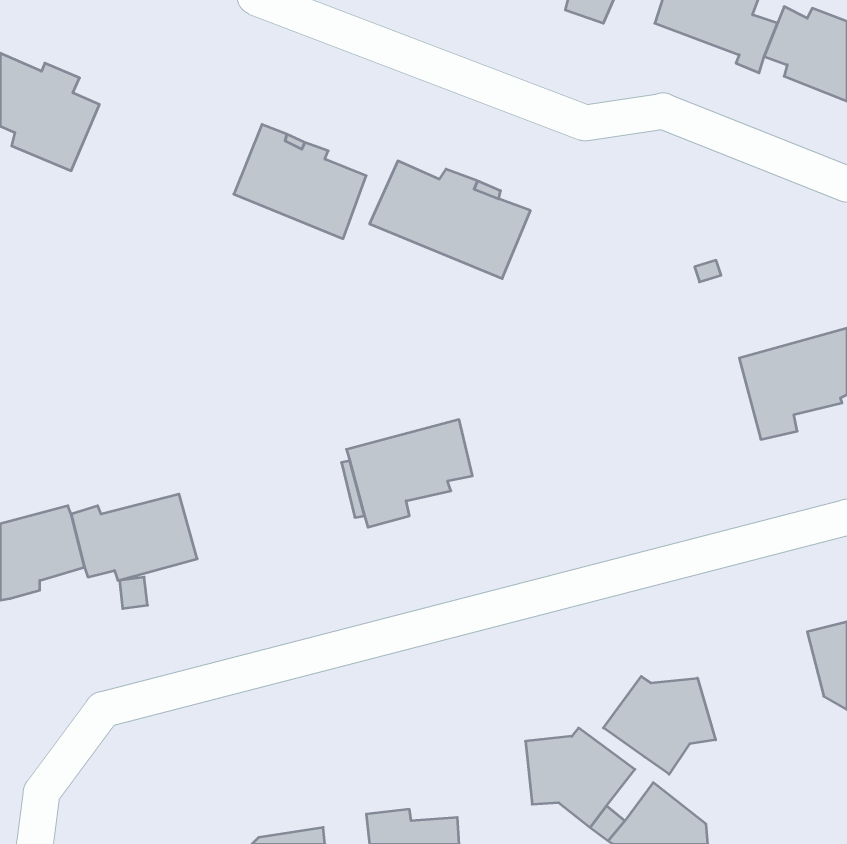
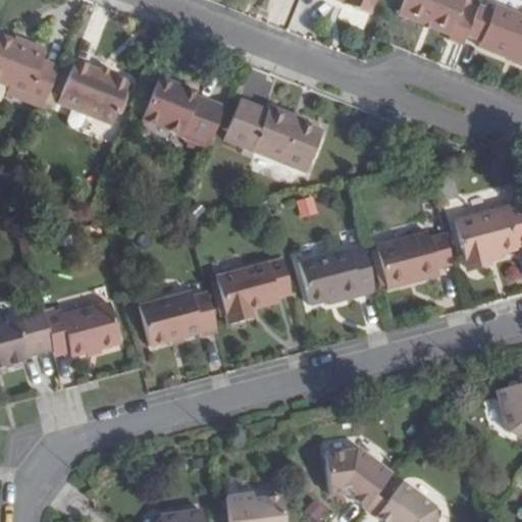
building: none -> [61,59,132,123]
building: none -> [378,233,453,290]
building: none -> [298,244,375,304]
building: none -> [139,292,216,345]
building: [603,676,716,774] -> none

